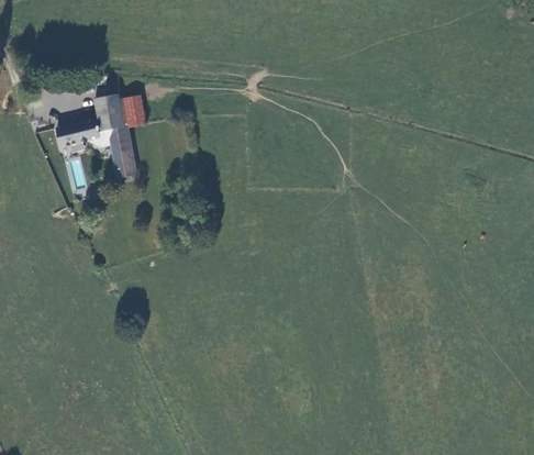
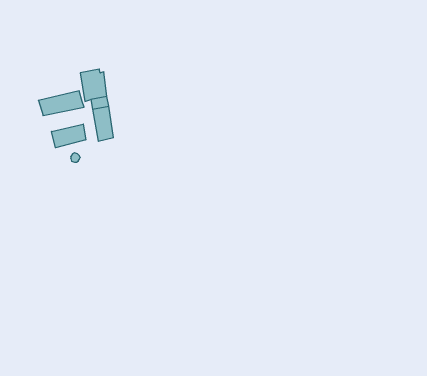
building: [124,97,144,126] -> none
building: none -> [52,124,86,148]

